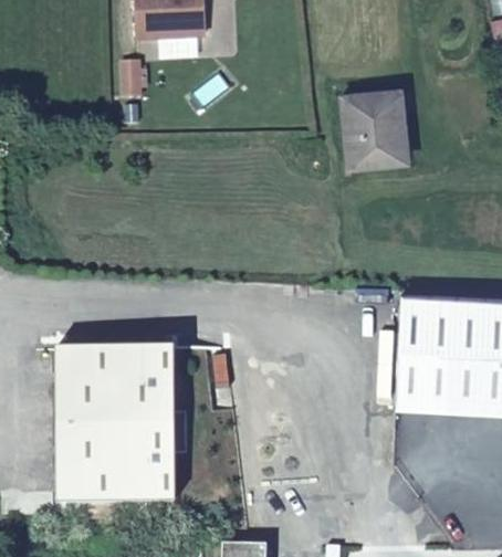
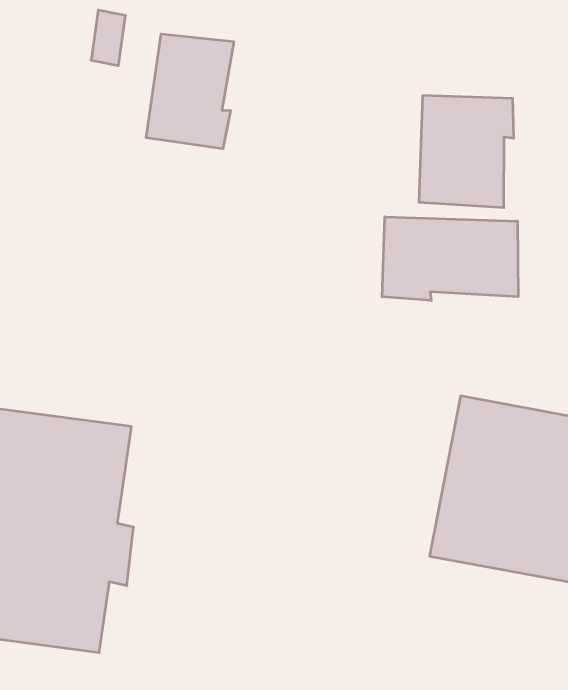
building: none -> [146,34,234,149]
building: none -> [382,217,518,301]

